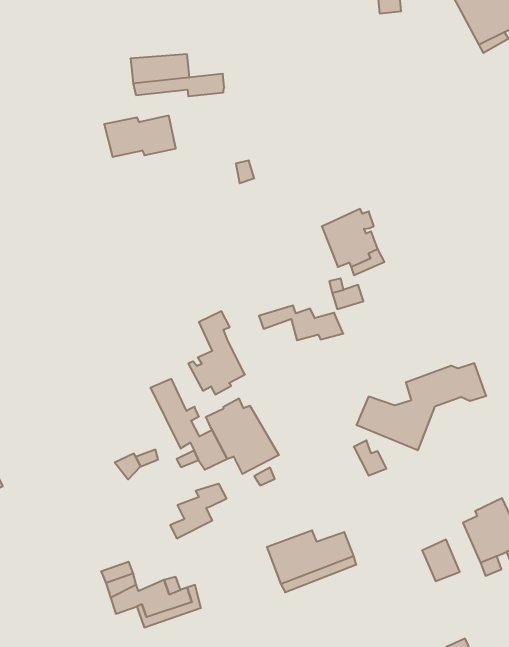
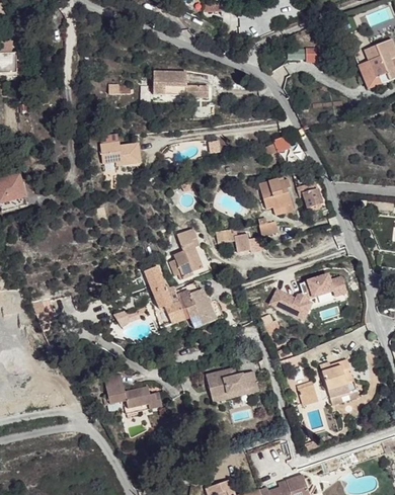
building: [104,116,176,157] -> [97,141,139,164]
building: none -> [296,181,322,208]
building: [170,484,226,539] -> none

